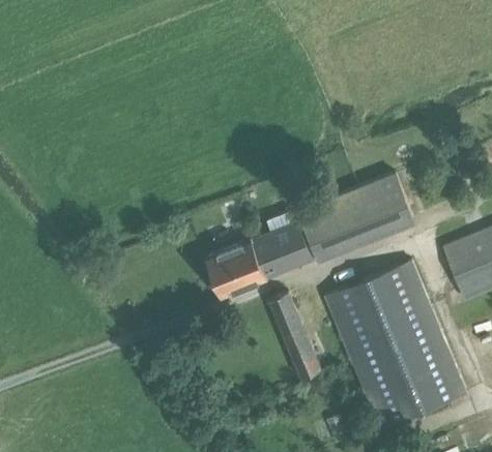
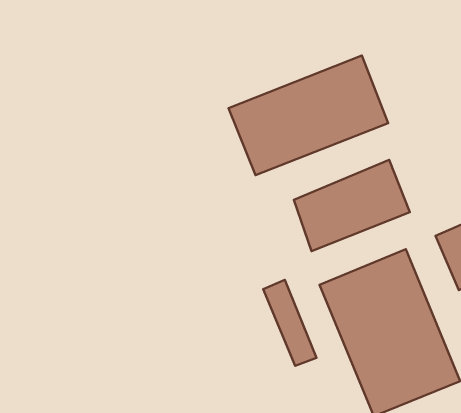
building: none -> [228,55,388,175]
building: [205,221,314,299] -> none

